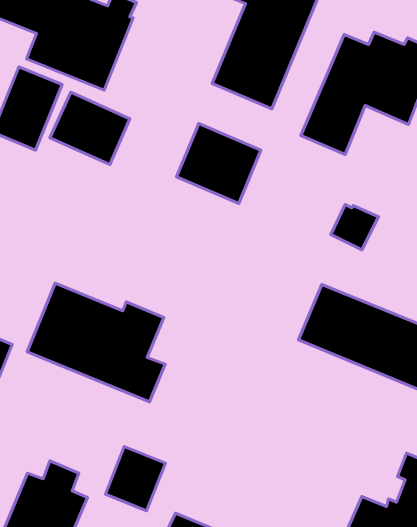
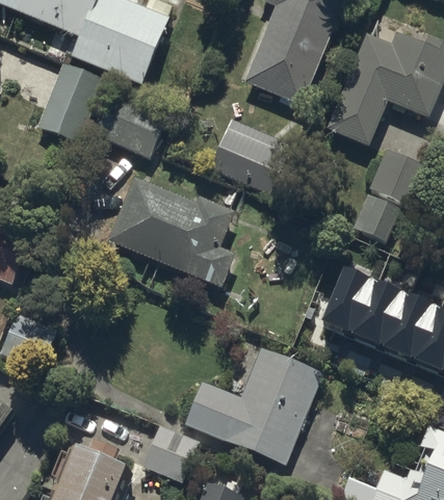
building: none -> [368,146,428,206]
building: [27,283,165,402] -> [107,177,236,288]
building: none -> [184,349,321,465]

